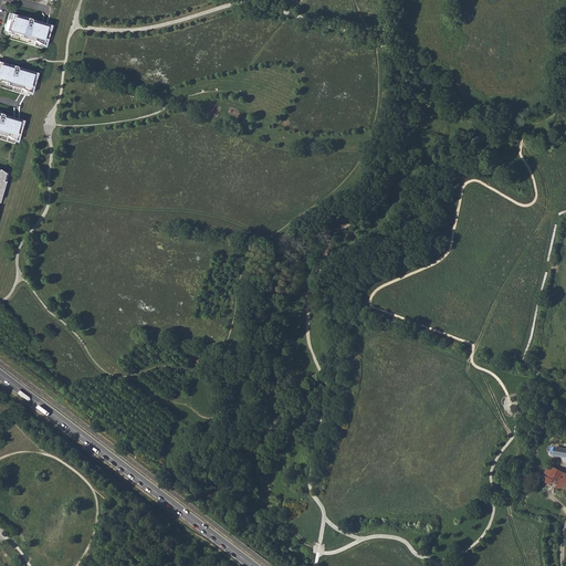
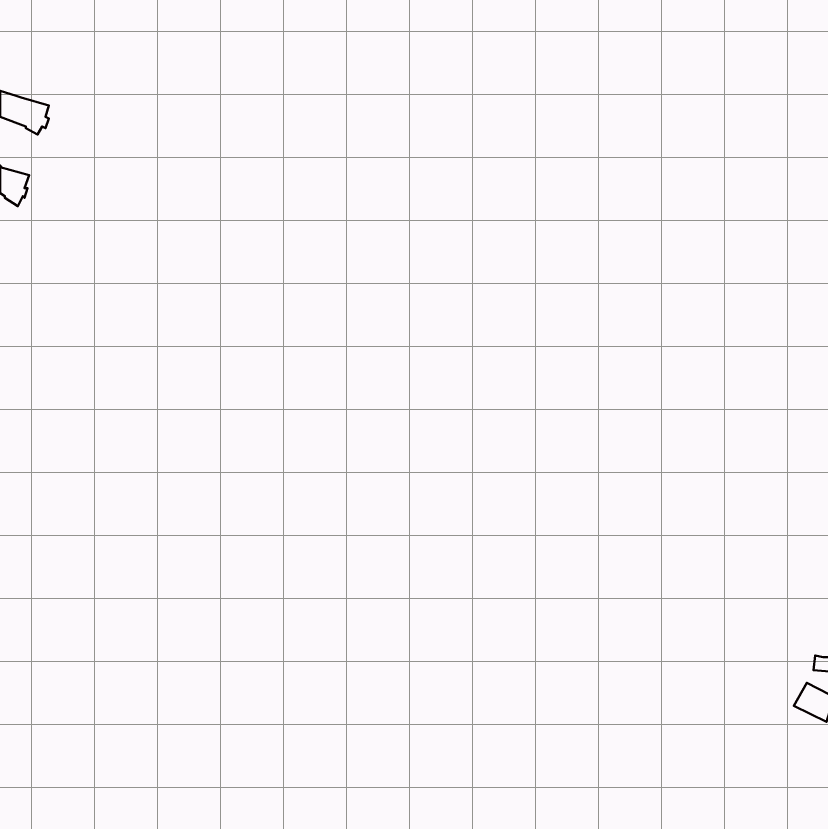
building: [6,13,49,44] -> none

